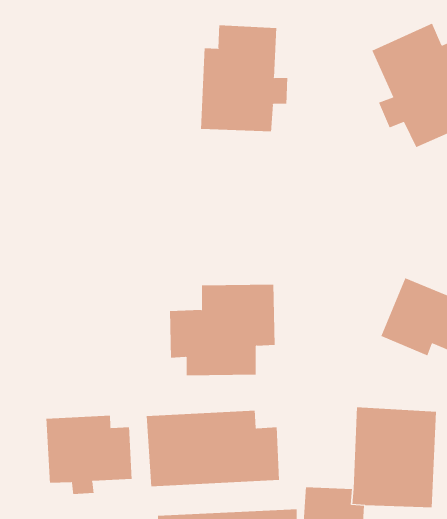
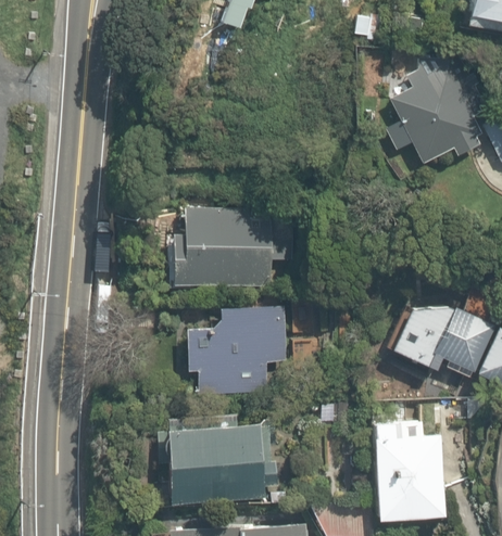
building: [200,25,288,132] -> none
building: none -> [164,209,306,285]
building: [46,415,132,495] -> none

